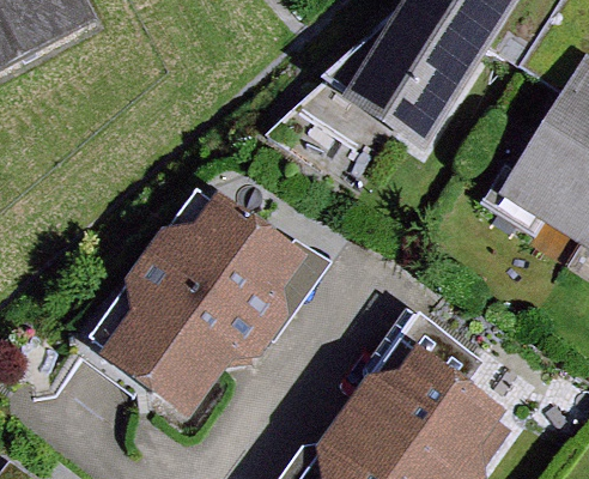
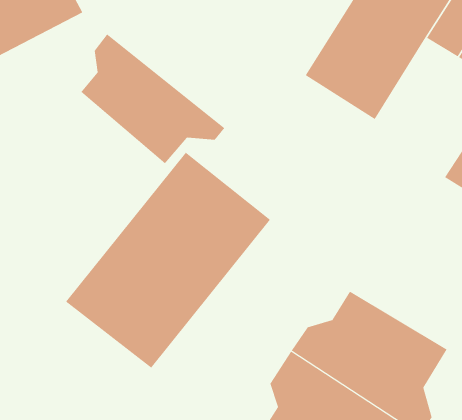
building: none -> [80,33,225,164]

